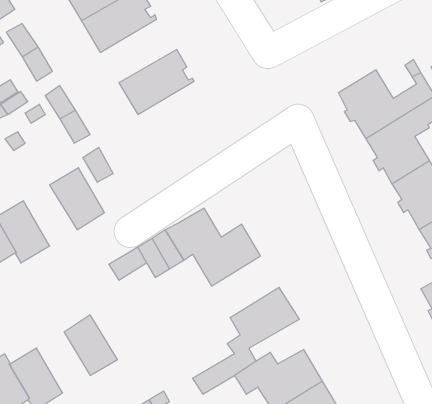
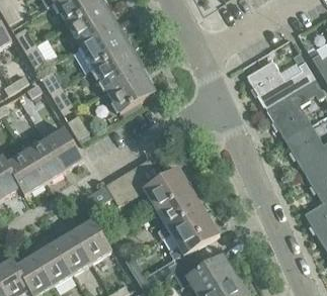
building: none -> [79,24,133,69]
building: none -> [105,68,156,113]
building: none -> [25,140,63,183]
building: none -> [157,190,205,238]
building: none -> [72,219,111,263]
building: none -> [34,243,72,286]

